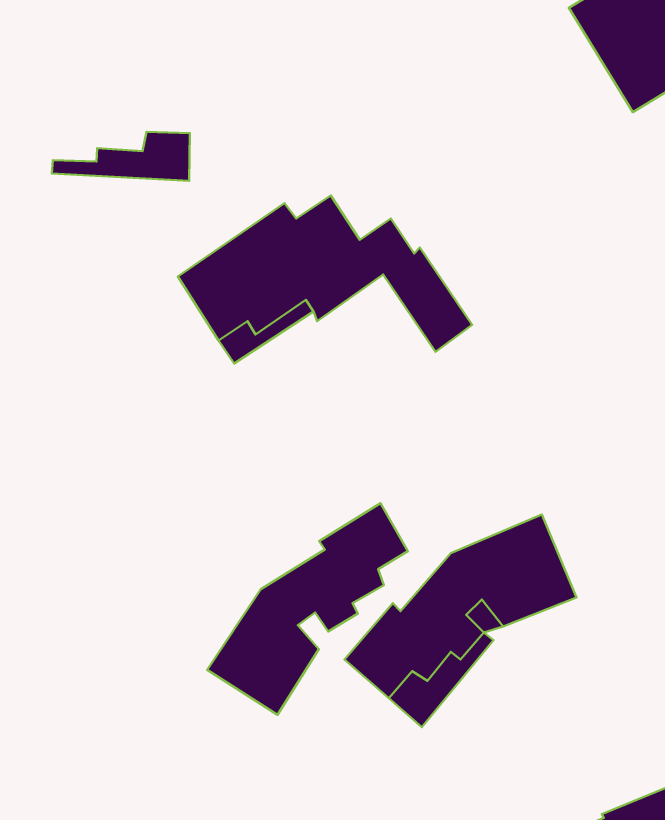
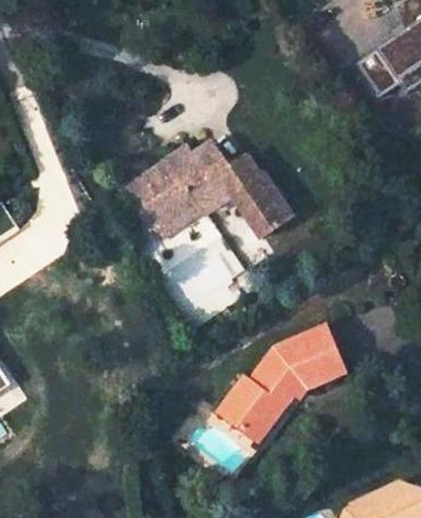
building: [52,132,190,181] -> none
building: [207,503,408,715] -> none

